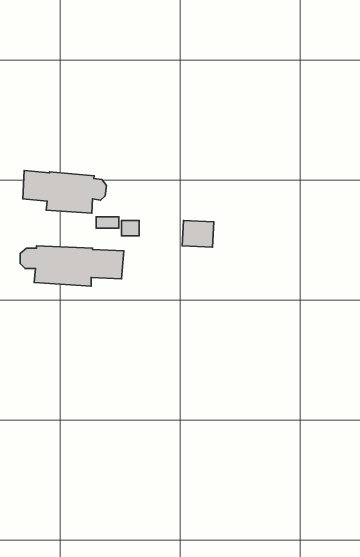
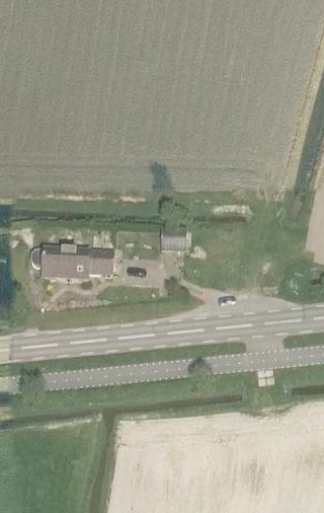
building: [23,170,106,213] -> none

